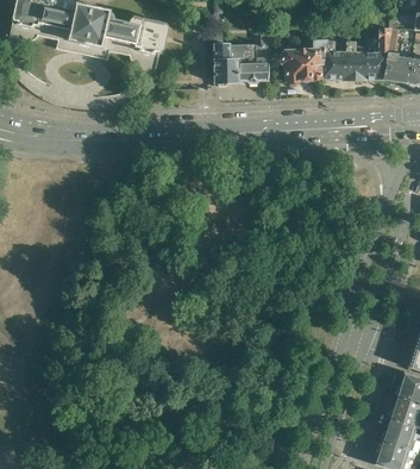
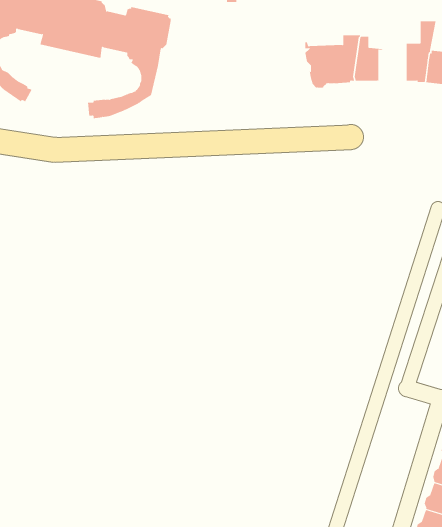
building: [213,31,271,86] -> none
building: [343,40,365,80] -> none

